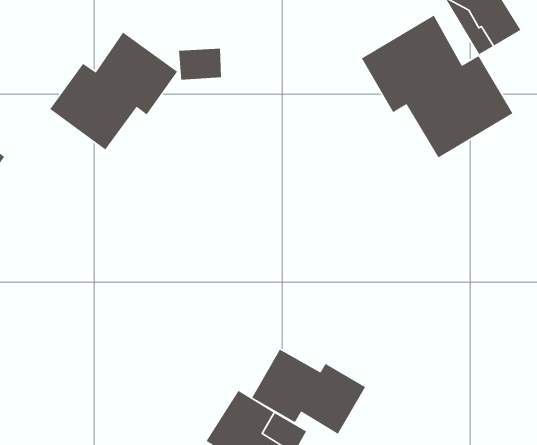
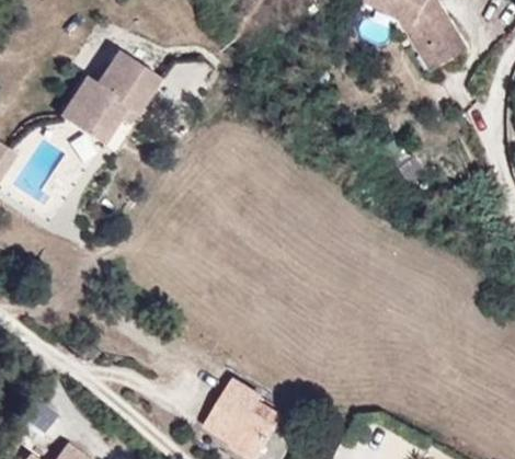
building: [361,15,514,159] -> none
building: [251,348,366,435] -> none

